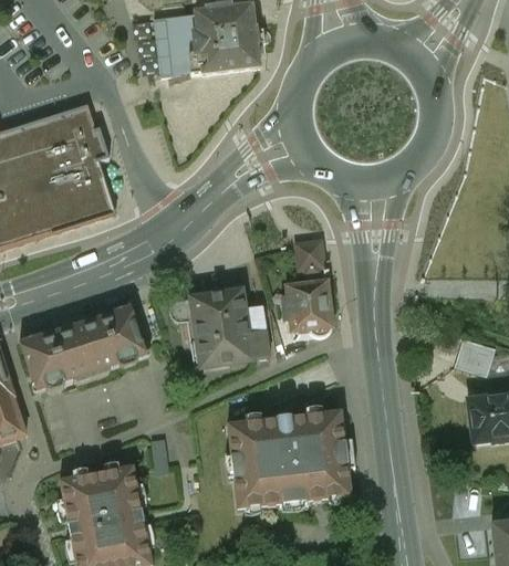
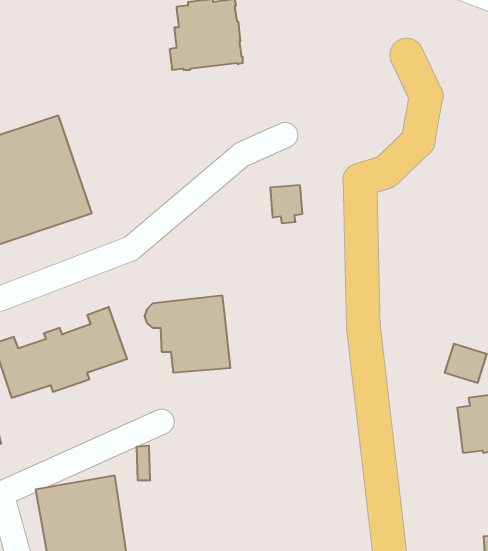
building: [155,10,198,74] -> none
building: [294,237,325,273] -> [270,185,302,223]
building: [282,281,329,334] -> none
building: [242,305,268,359] -> none
building: [226,410,351,506] -> none

